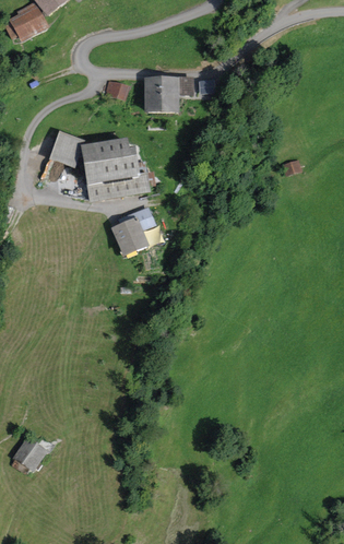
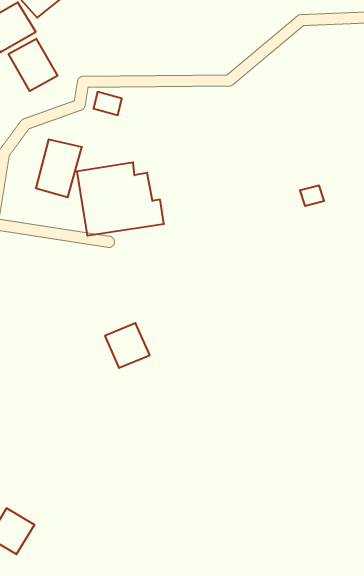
building: none -> [9,39,58,91]
building: [134,74,186,113] -> none
building: [114,217,152,256] -> [105,323,150,368]

